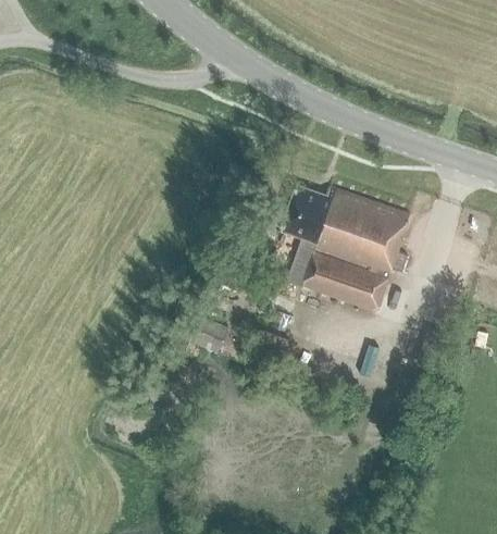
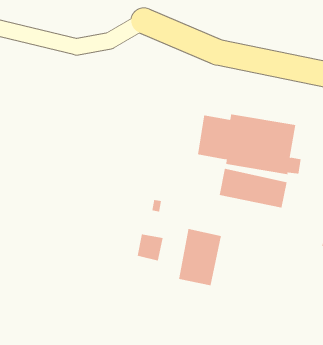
building: none -> [178,228,222,286]

